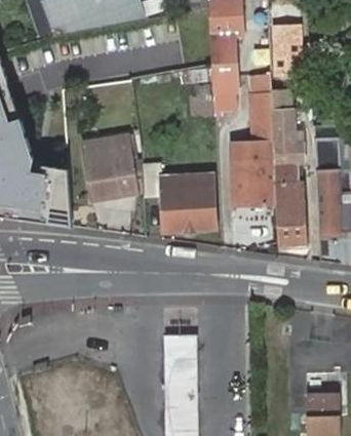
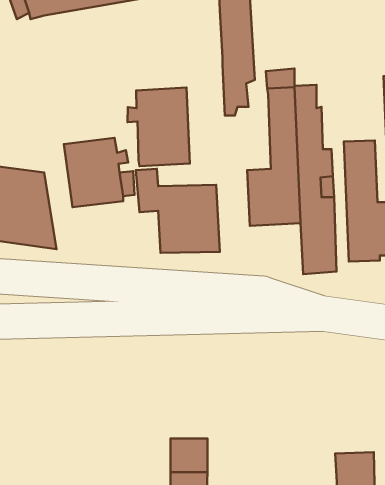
building: [274,25,302,86] -> none
building: none -> [128,88,190,166]
building: [169,339,200,384] -> none

